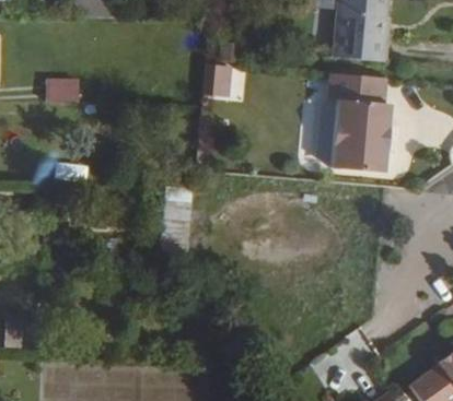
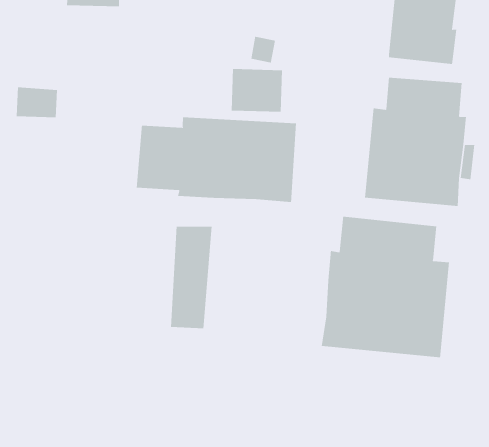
building: none -> [136,117,296,203]
building: none -> [321,216,449,358]

